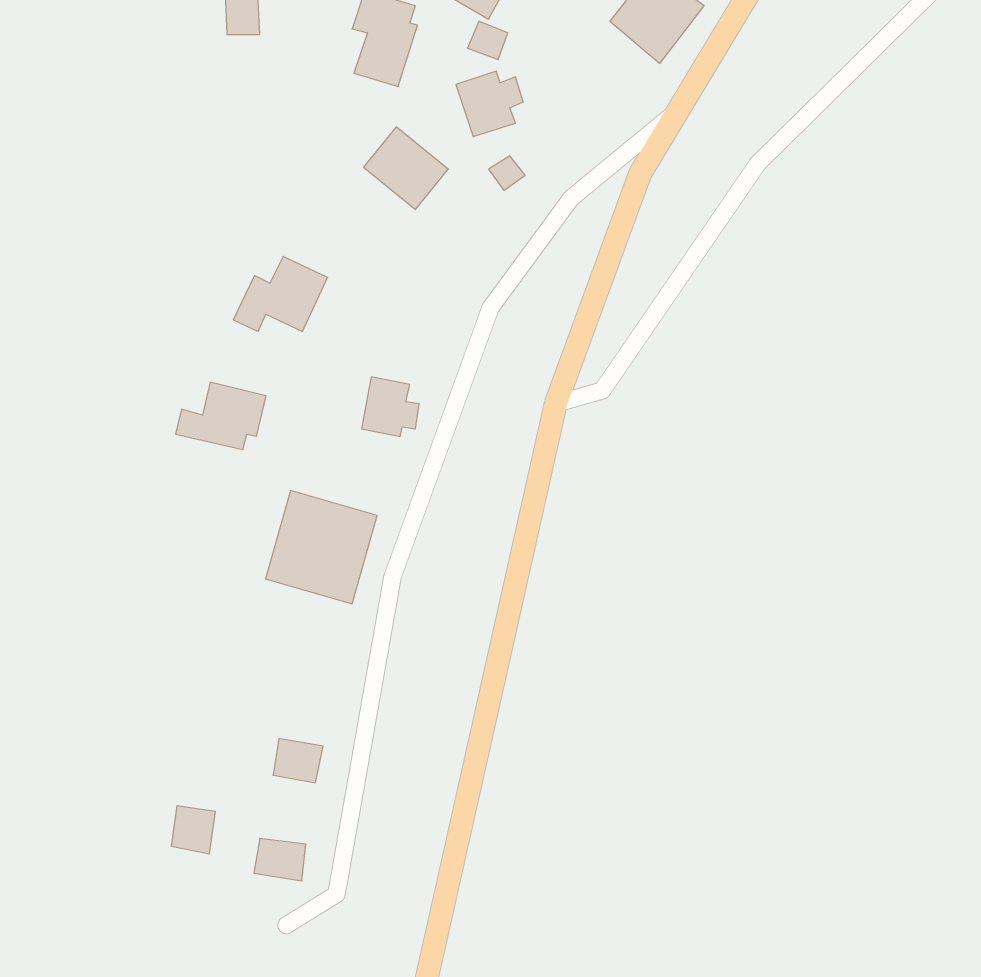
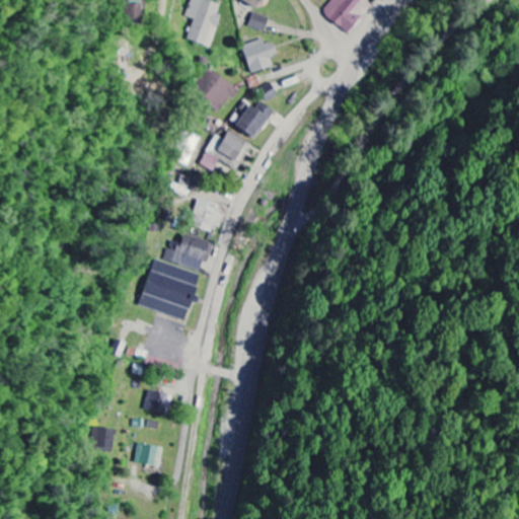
building: none -> [229,100,274,139]
building: [233,256,328,331] -> [200,130,249,169]
building: [176,382,266,450] -> [163,233,211,269]

